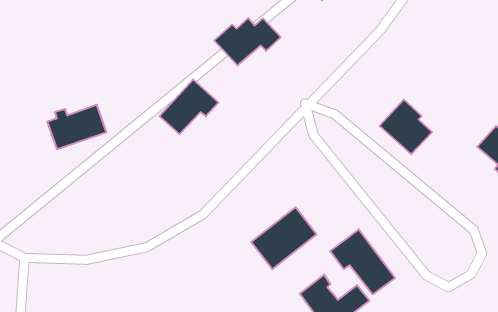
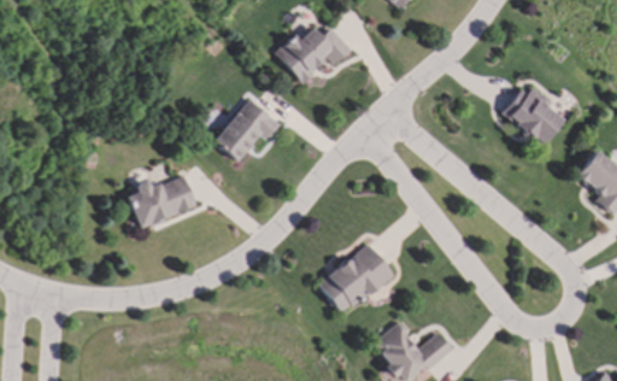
building: [380,99,432,154] -> [504,83,564,146]
building: [47,105,106,149] -> [129,176,196,227]
building: [330,229,395,294] -> none

